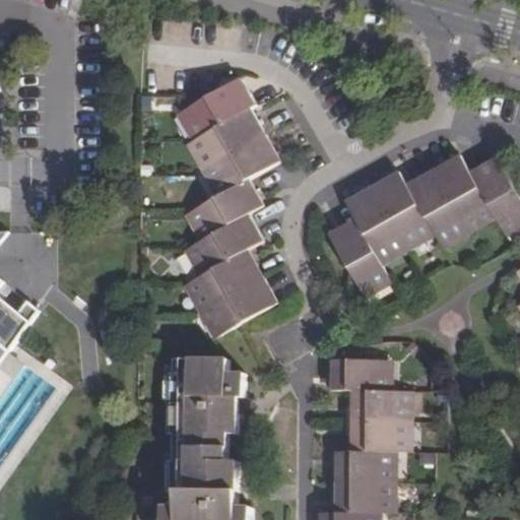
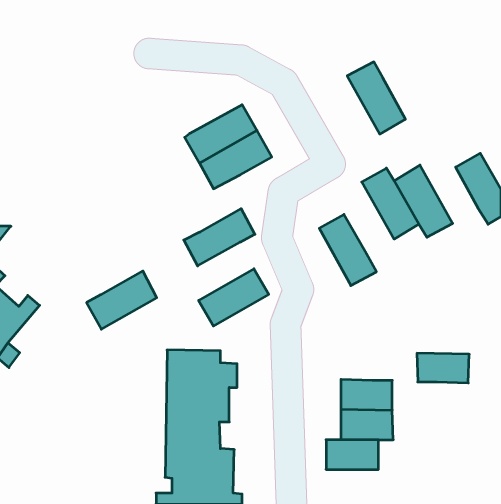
building: [181,79,254,137] -> none
building: [432,155,492,230] -> [347,62,405,134]
building: [190,180,261,239] -> none
building: [344,187,405,261] -> none
building: [189,249,261,309] -> [87,271,157,329]
building: [330,361,384,391] -> [417,353,469,383]
building: [334,482,389,513] -> none

